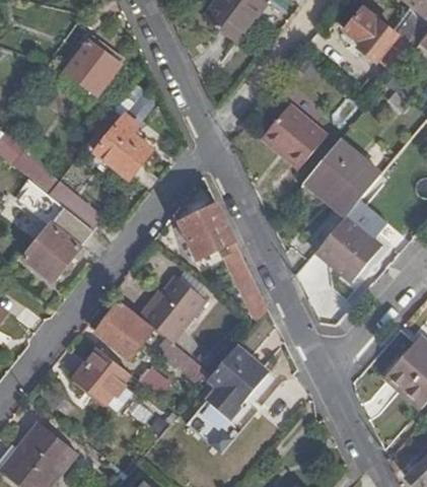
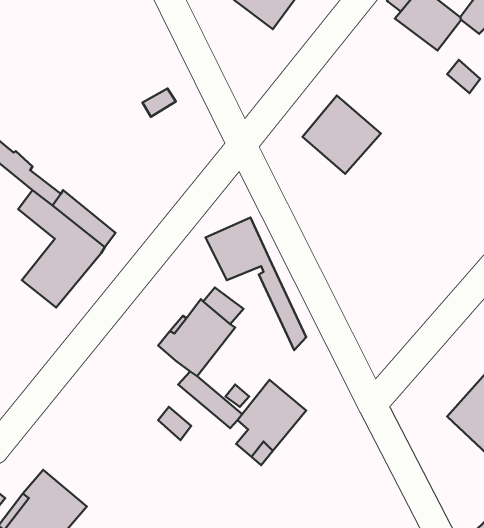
building: [55,40,119,108] -> none
building: [87,108,151,180] -> none
building: [307,138,379,211] -> none
building: [314,214,382,282] -> none
building: [95,300,154,360] -> none
building: [75,348,134,412] -> none

